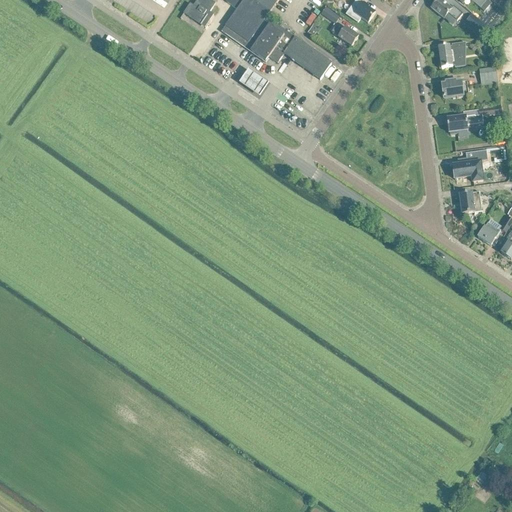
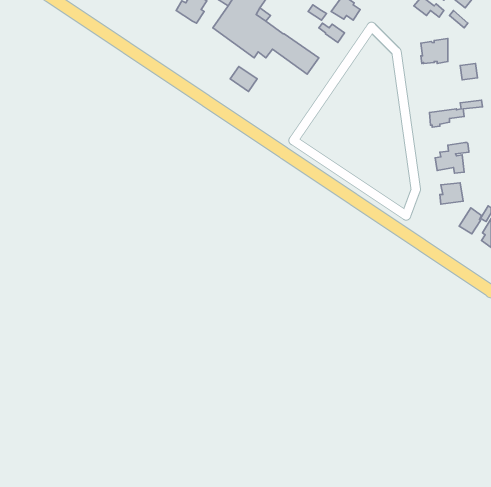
building: [441,78,467,96] -> none

